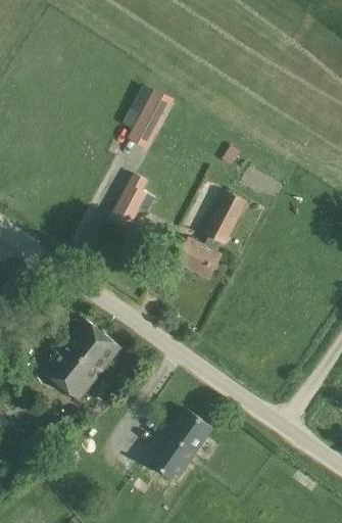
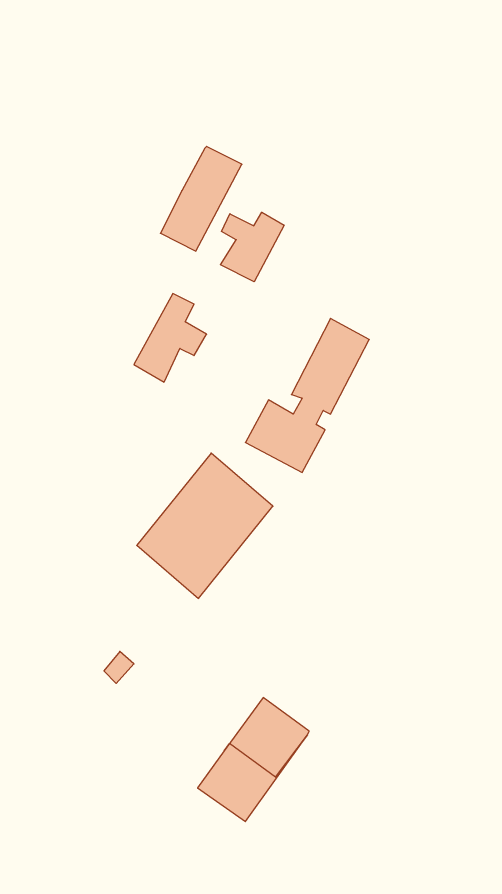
building: none -> [220,212,284,282]
building: [41,317,119,400] -> [137,453,273,598]

